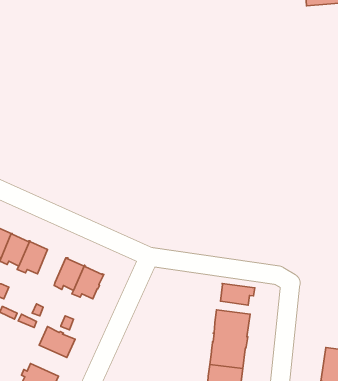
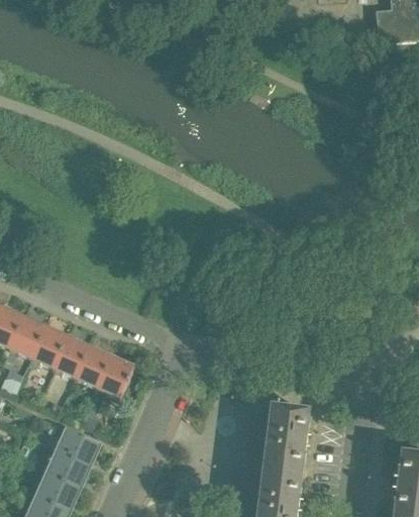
building: none -> [51,334,88,374]
building: [221,284,255,305] -> none
building: none -> [44,449,89,487]

